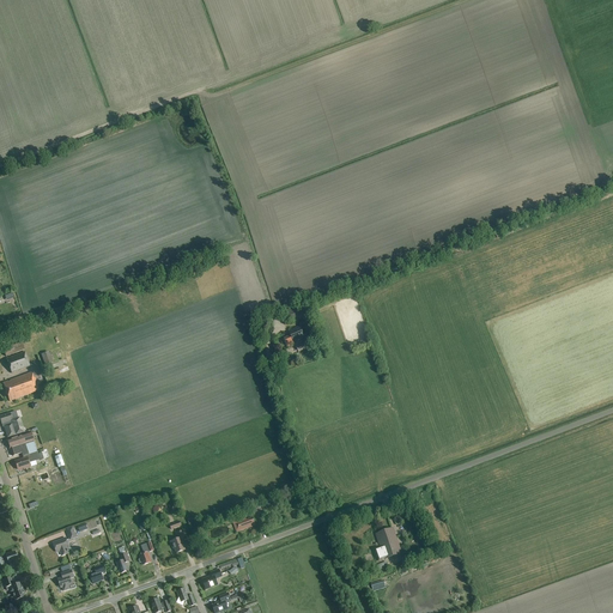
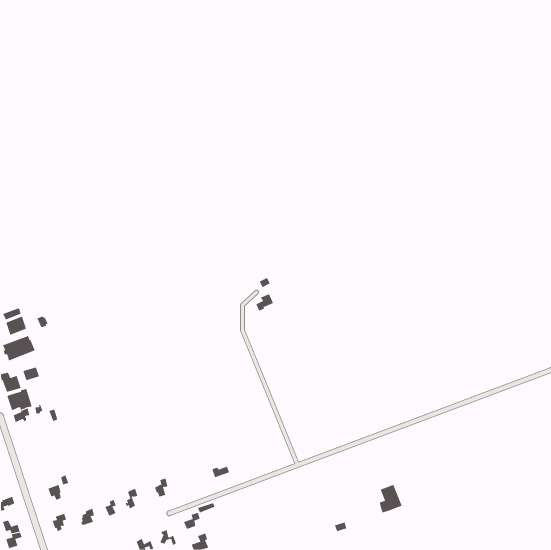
building: [375,528,401,560] -> [379,484,402,513]

